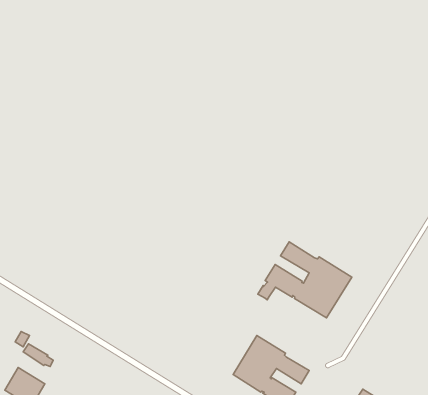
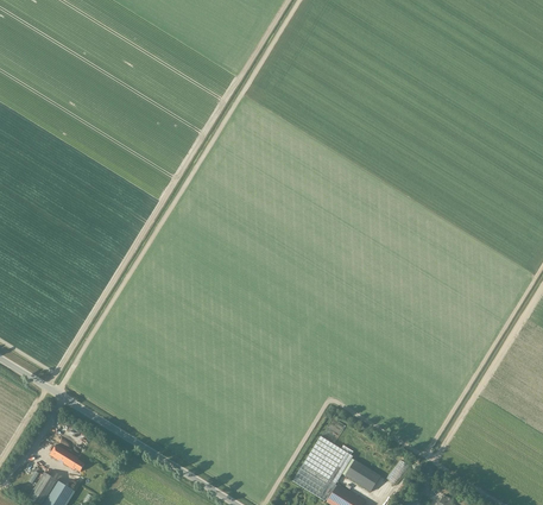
building: [258,242,352,318] -> none

